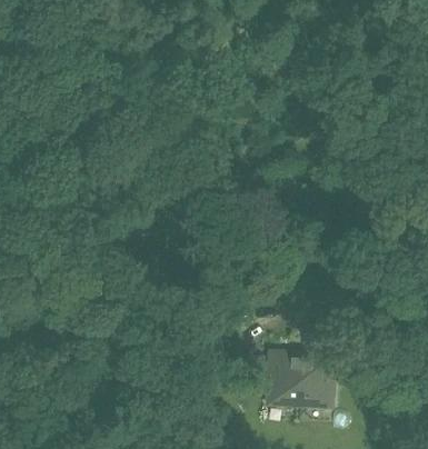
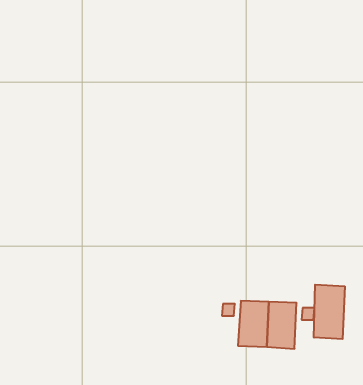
building: none -> [314,285,345,339]

